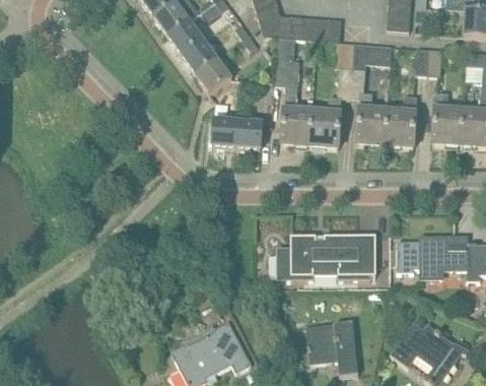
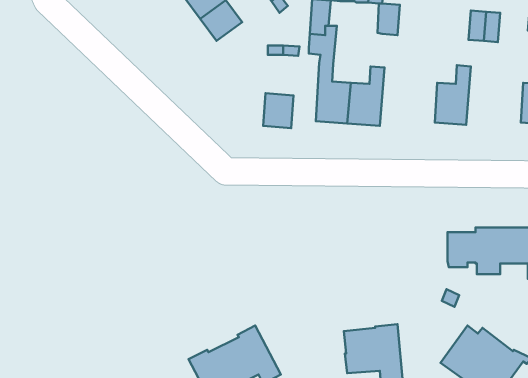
building: [352,43,388,70] -> none
building: [195,58,231,94] -> none
building: [356,92,387,145] -> none
building: [431,92,462,145] -> none
building: [211,119,237,148] -> none
building: [277,235,375,280] -> none

